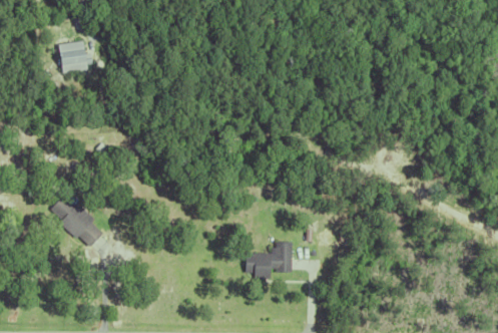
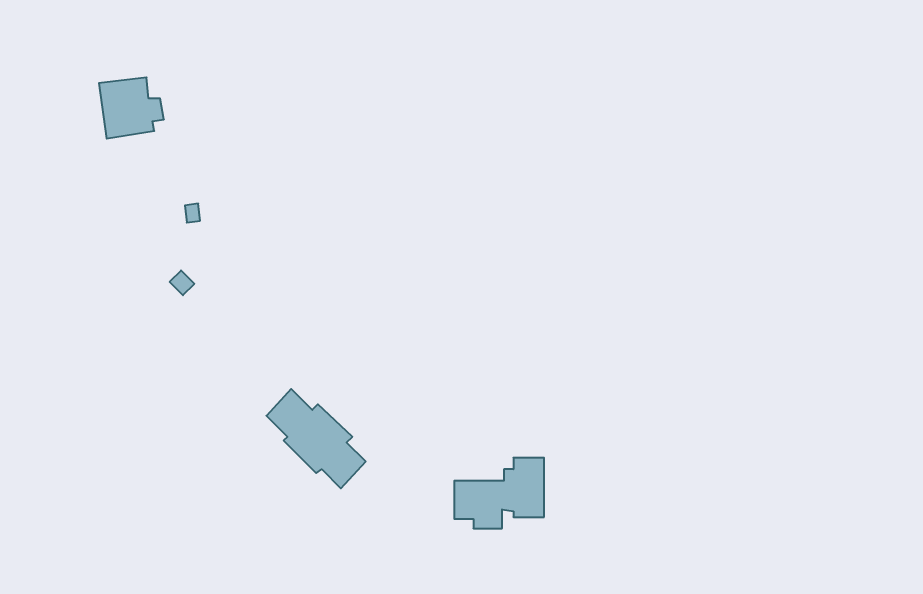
building: [51,195,103,247] -> [266,389,366,488]

